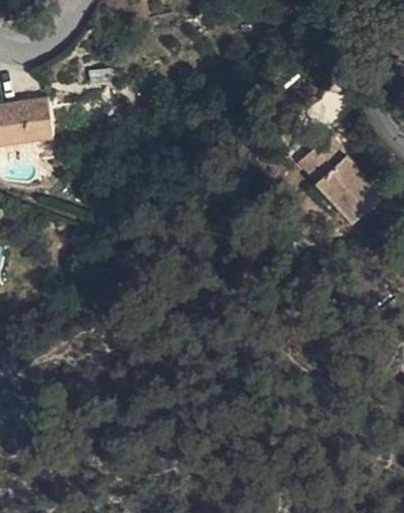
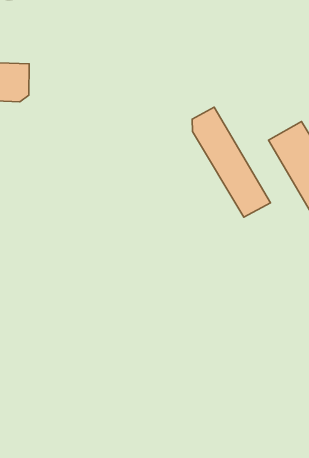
building: none -> [192,107,270,217]

